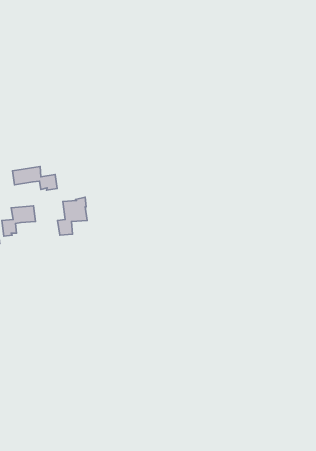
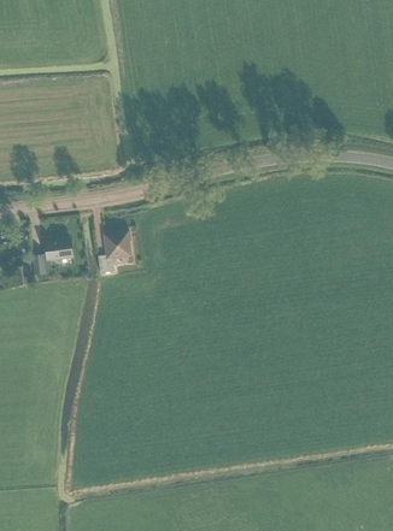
building: [13,166,57,190] -> none

